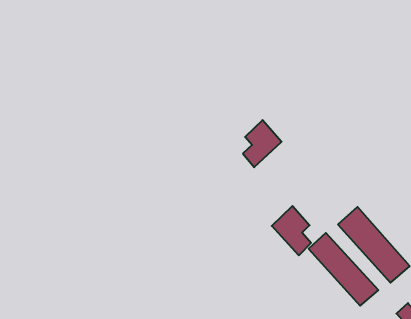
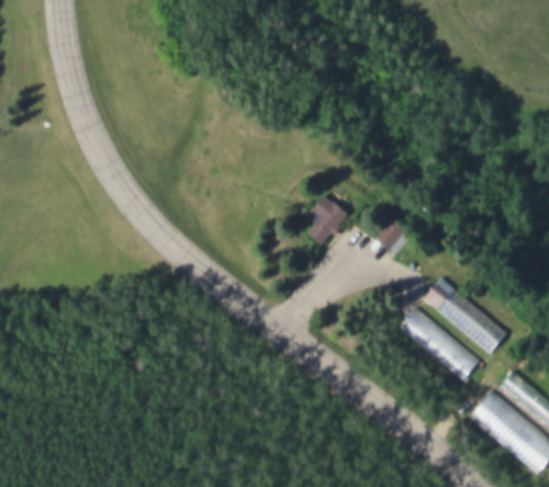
building: none -> [377,217,410,251]
building: [272,206,311,255] -> none

